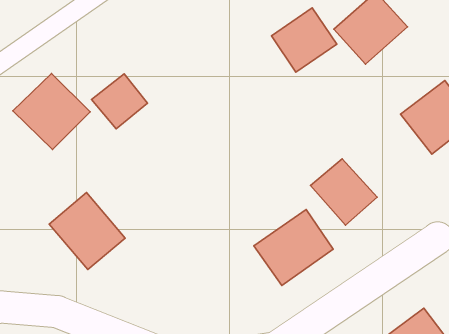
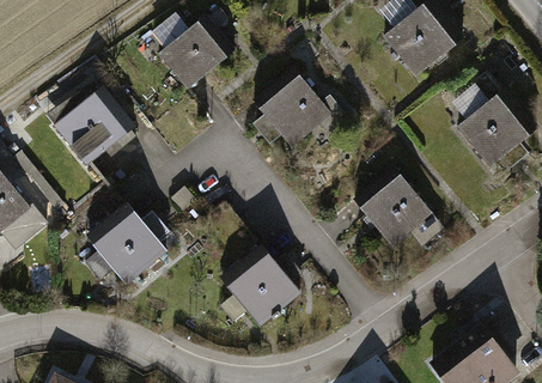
building: [271,8,337,72] -> [257,74,324,140]
building: [92,74,148,129] -> [160,29,218,85]
building: [254,209,333,285] -> [225,242,306,320]

